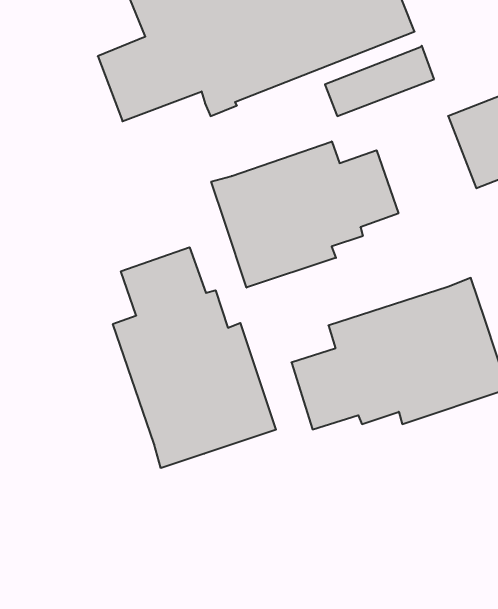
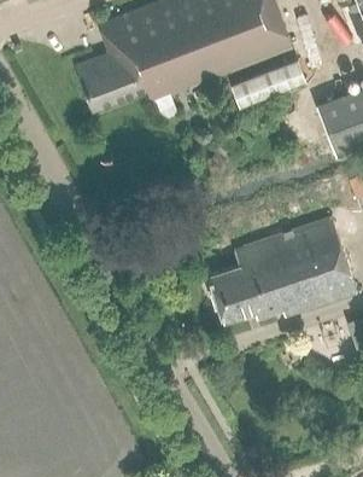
building: [211,141,398,288] -> none
building: [113,247,276,468] -> none

